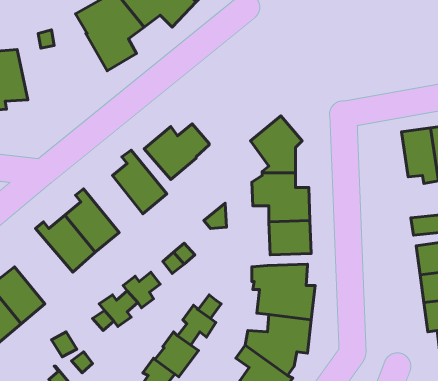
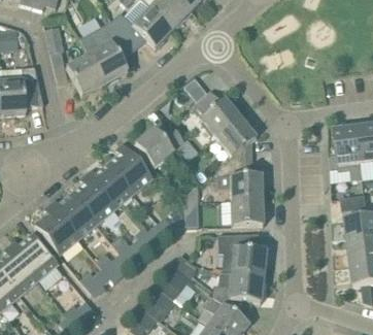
building: none -> [65,55,104,96]
building: none -> [193,92,239,138]
building: none -> [86,165,132,209]
building: none -> [34,206,77,256]

